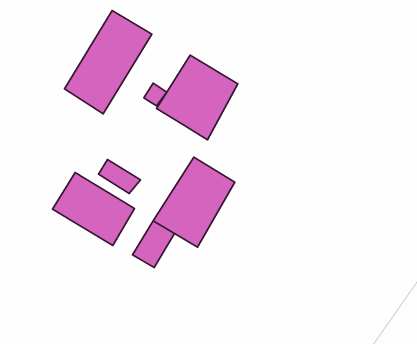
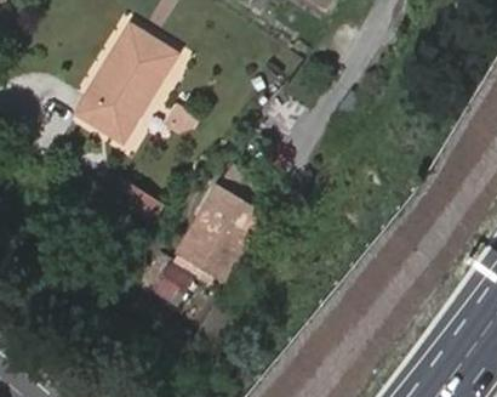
building: [157,55,238,140] -> none
building: [52,172,134,246] -> none

